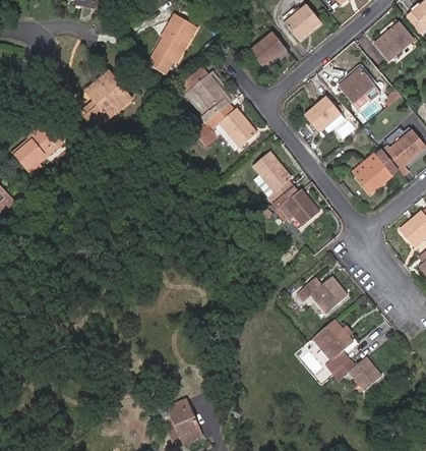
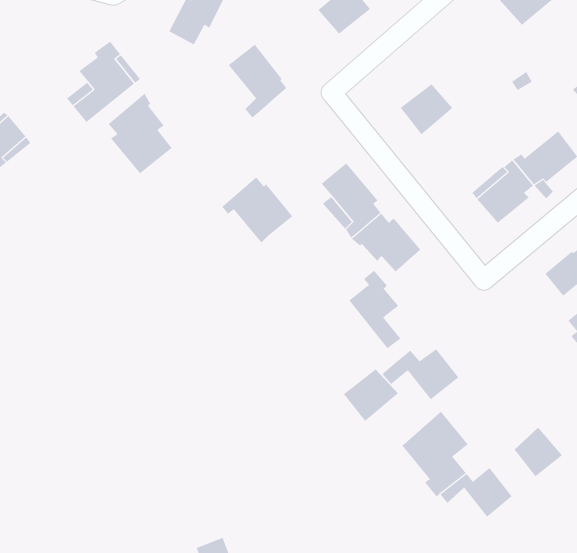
building: [340,70,380,111] -> none
building: [207,102,255,147] -> [221,177,293,244]
building: none -> [108,93,173,174]
building: none -> [349,270,401,349]
building: none -> [343,369,399,422]
building: none -> [514,427,563,477]

